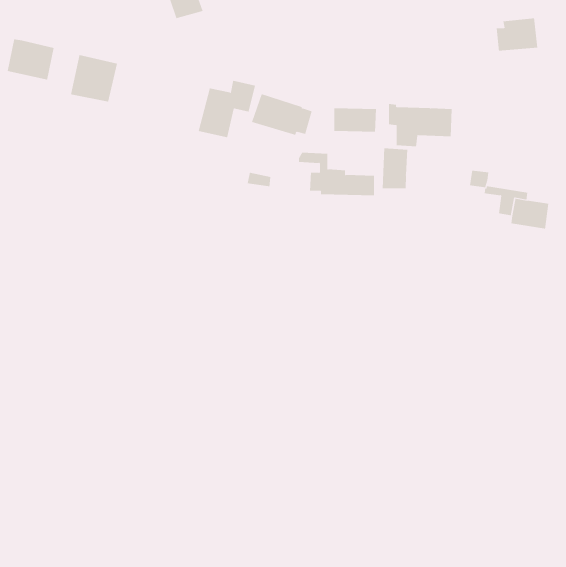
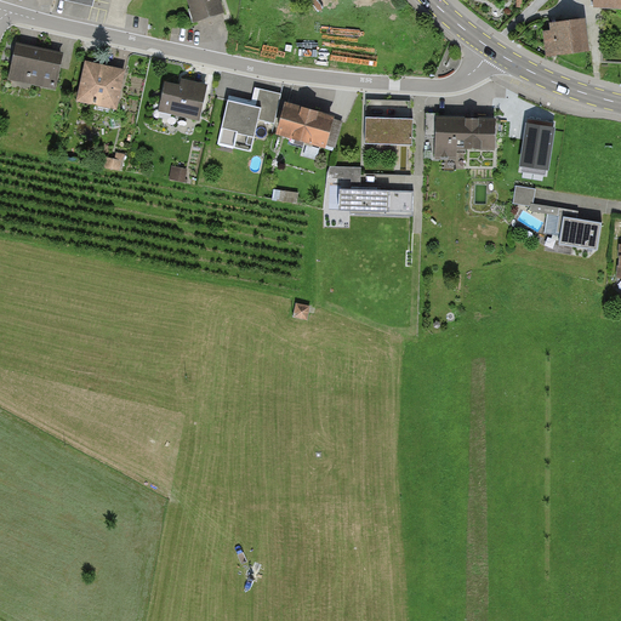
building: none -> [156,78,206,120]
building: none -> [519,119,551,176]
building: [382,147,408,189] -> none

